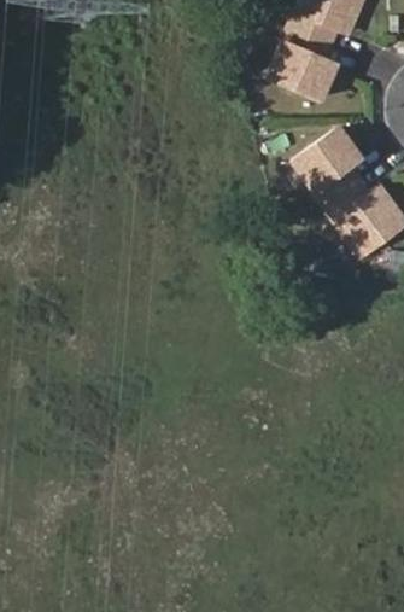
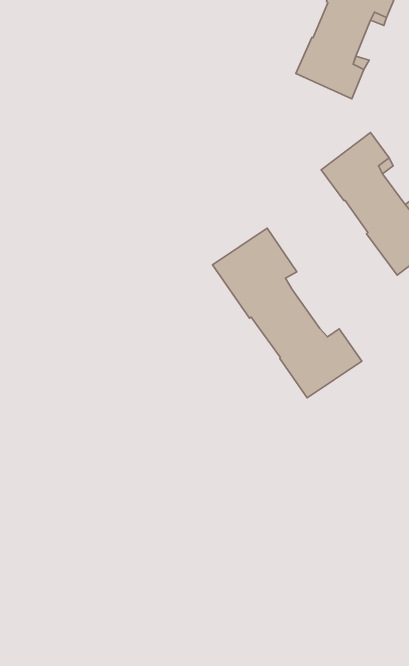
building: none -> [213,228,362,398]

